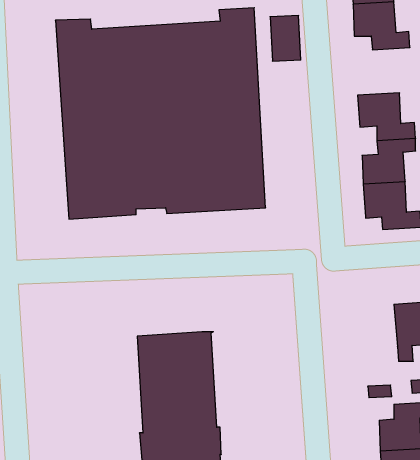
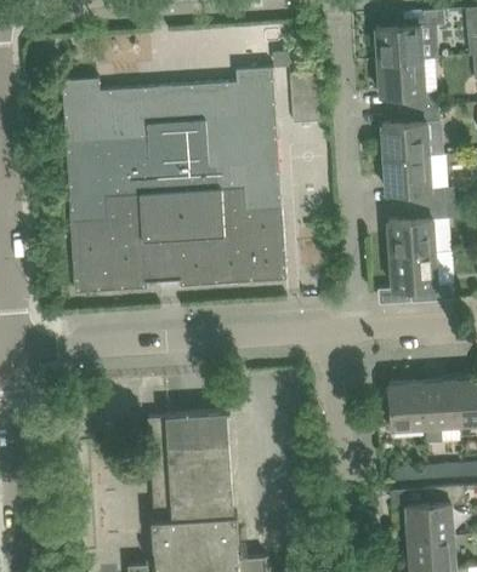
building: none -> [382,109,442,160]
building: none -> [388,383,426,430]

